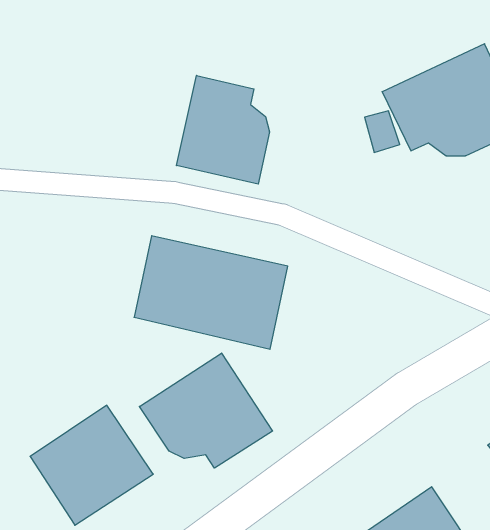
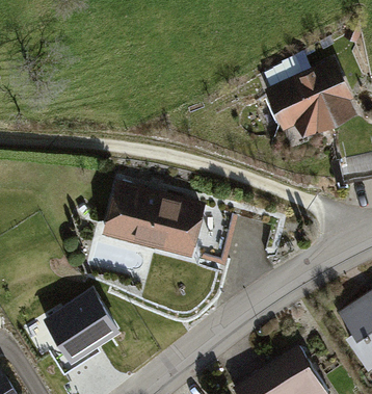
building: [176,75,269,184] -> none
building: [139,353,273,468] -> none

